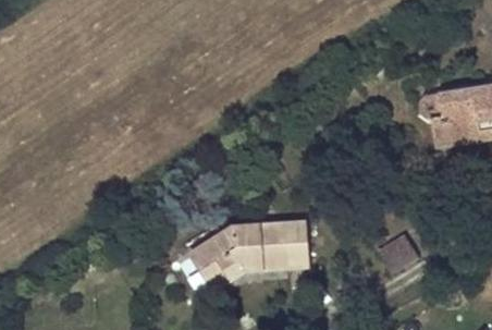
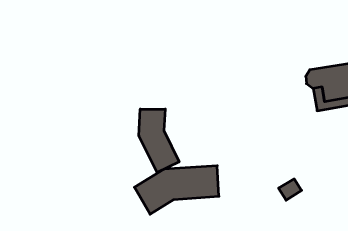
building: none -> [139,109,179,172]

